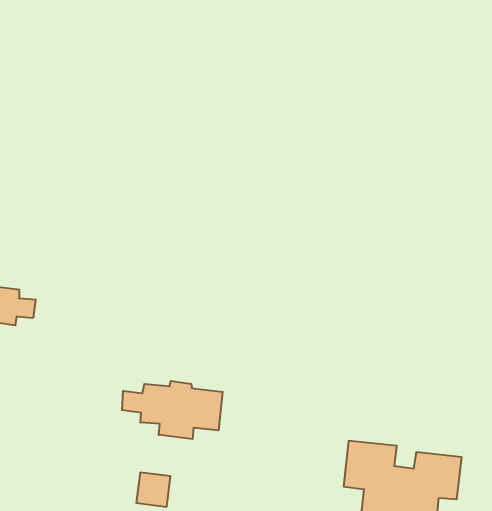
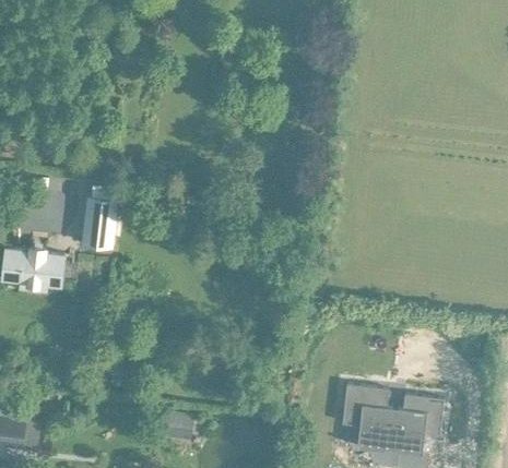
building: none -> [81,185,115,247]
building: [122,381,223,439] -> none

